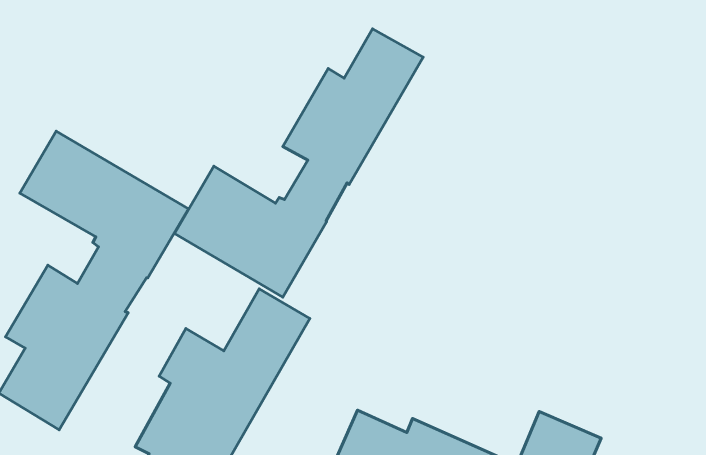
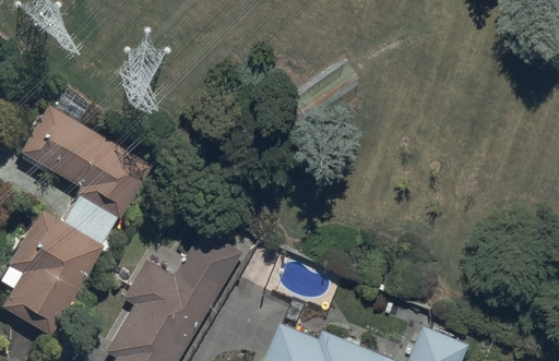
building: [175,29,423,297] -> none

